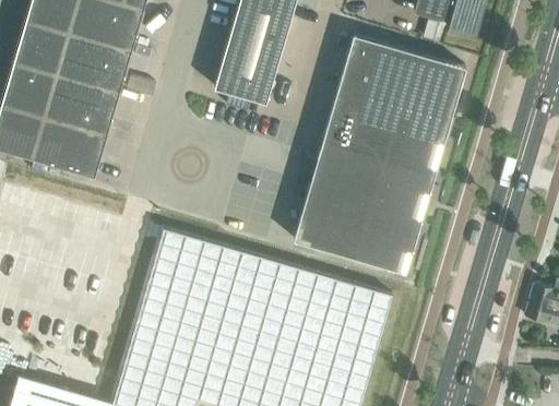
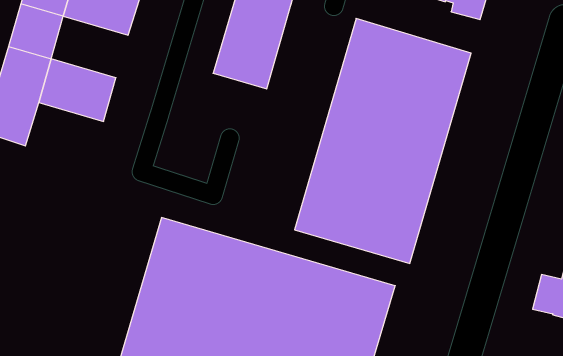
building: [55,33,130,93] -> none
building: [29,117,106,178] -> none

